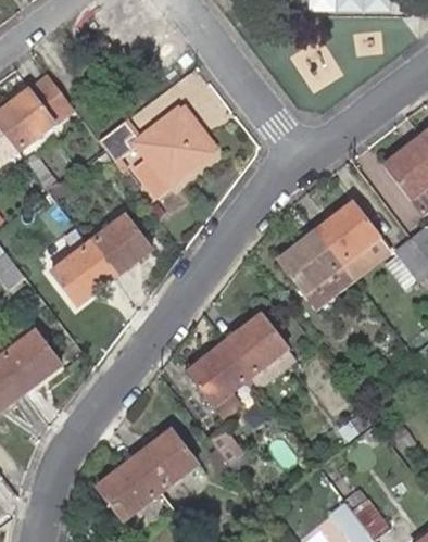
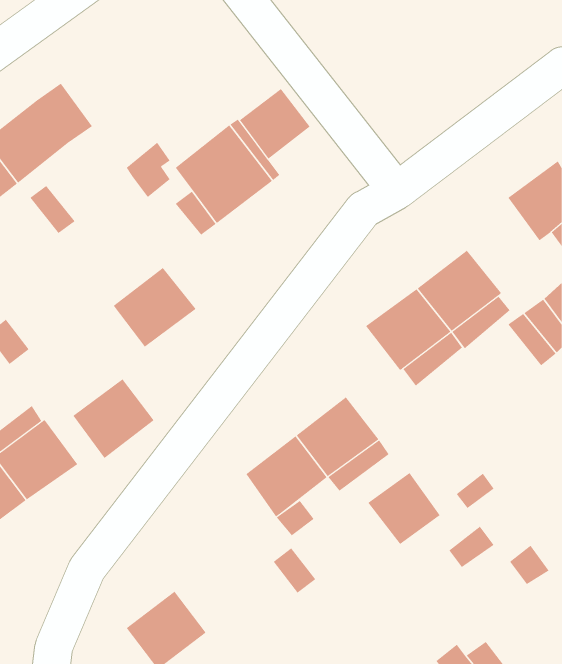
building: none -> [239,88,310,159]
building: [50,243,112,304] -> [73,378,155,459]
building: none -> [367,472,440,545]
building: [135,429,197,490] -> none

